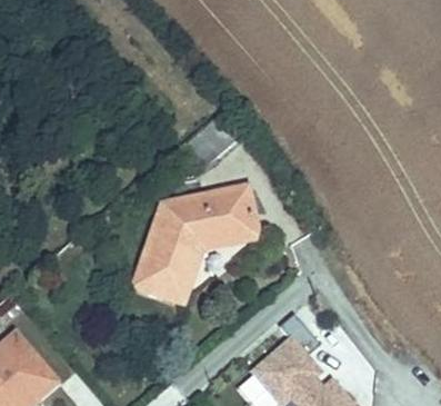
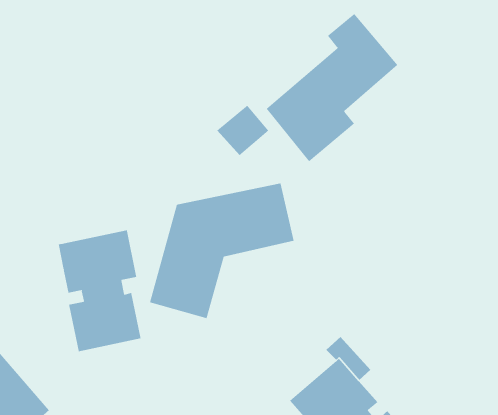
building: none -> [266,13,398,162]
building: none -> [58,229,141,352]

